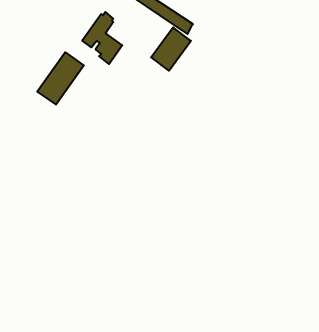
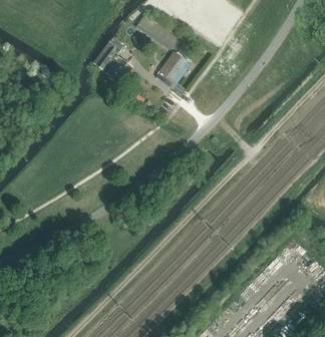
building: [37,52,84,105] -> none

